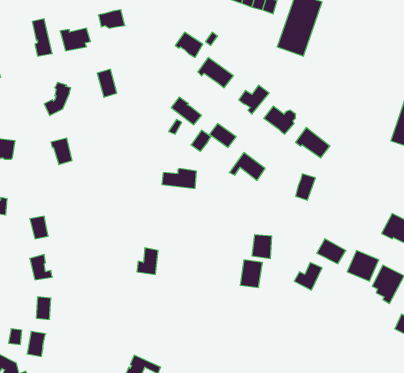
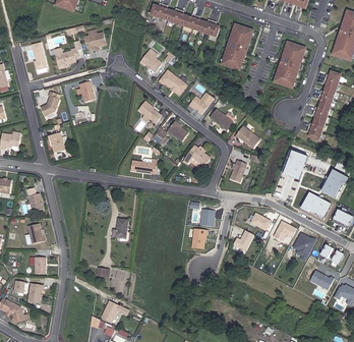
building: none -> [272,40,306,89]
building: none -> [282,150,306,178]

